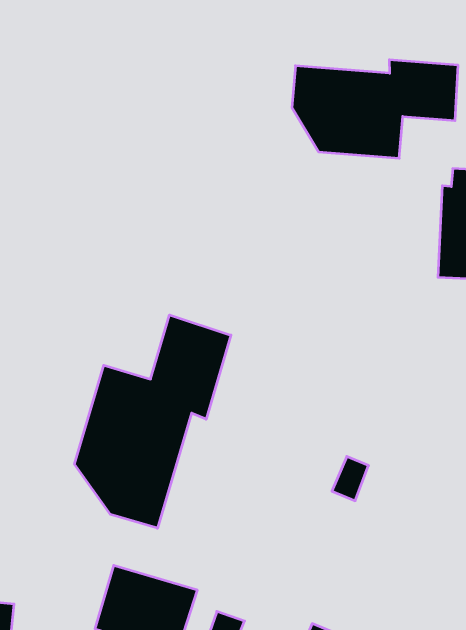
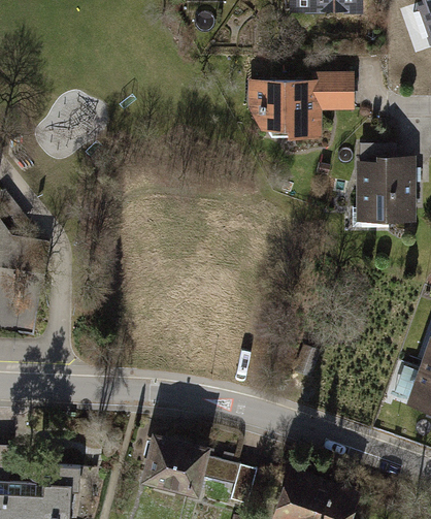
building: [74,315,231,528] -> none

